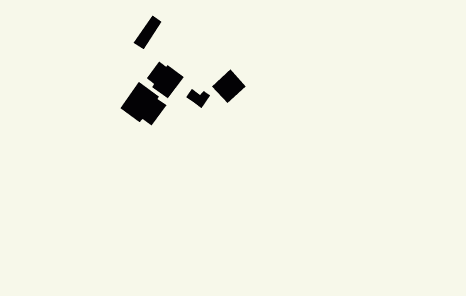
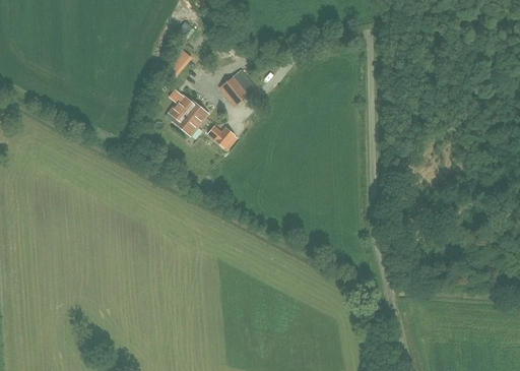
building: [211,68,247,104] -> [220,70,256,106]
building: [120,81,167,126] -> none

